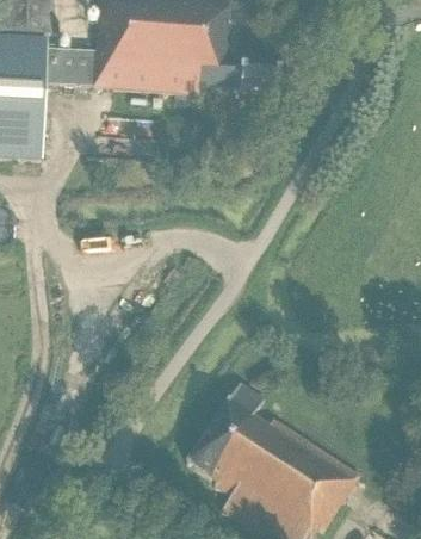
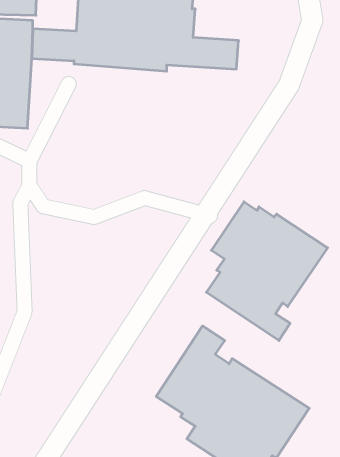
building: none -> [206,202,328,341]

